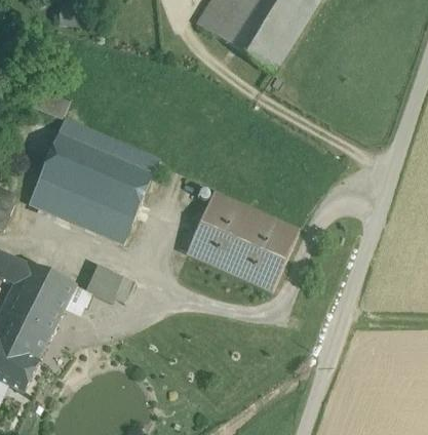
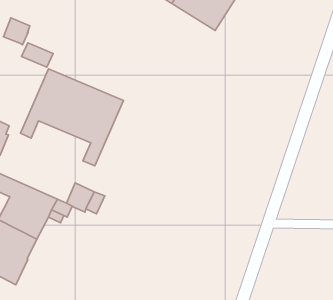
building: none -> [3,18,30,45]
building: [42,186,117,236] -> none
building: [186,192,299,290] -> none

